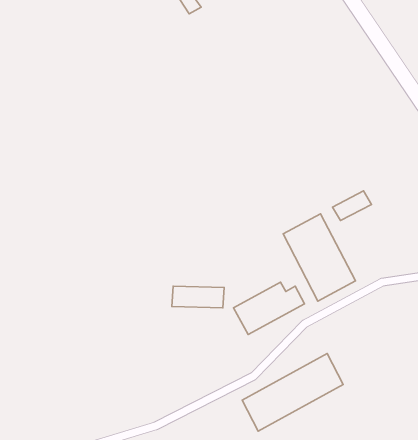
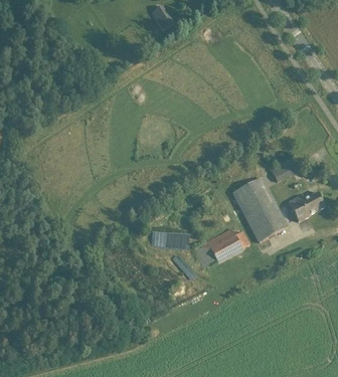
building: none -> [288,191,325,220]
building: [242,354,343,431] -> none

